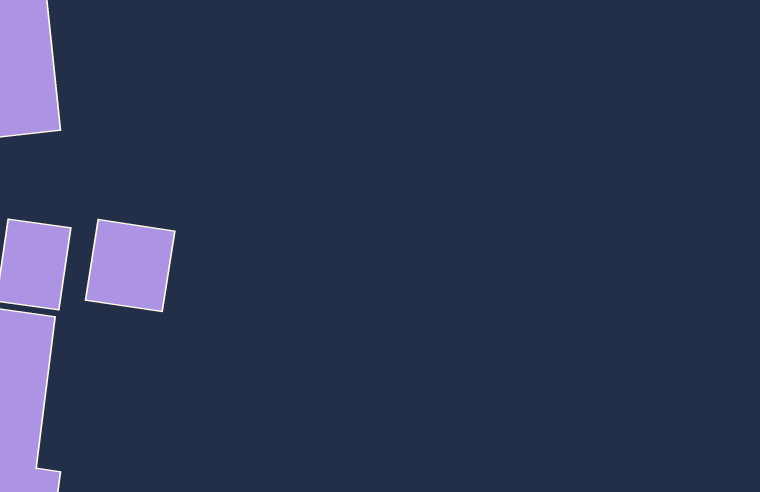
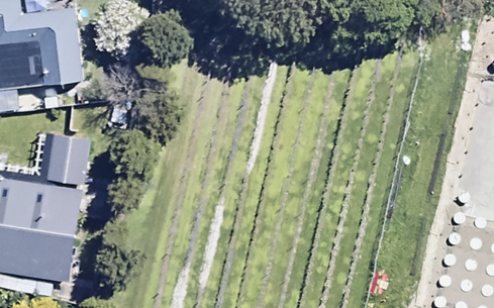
building: [86,220,175,312] -> none

